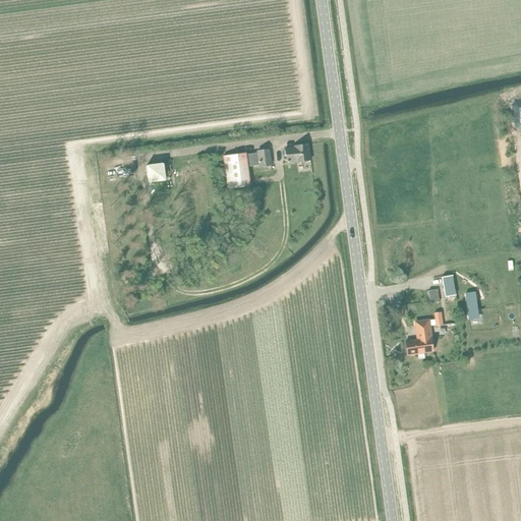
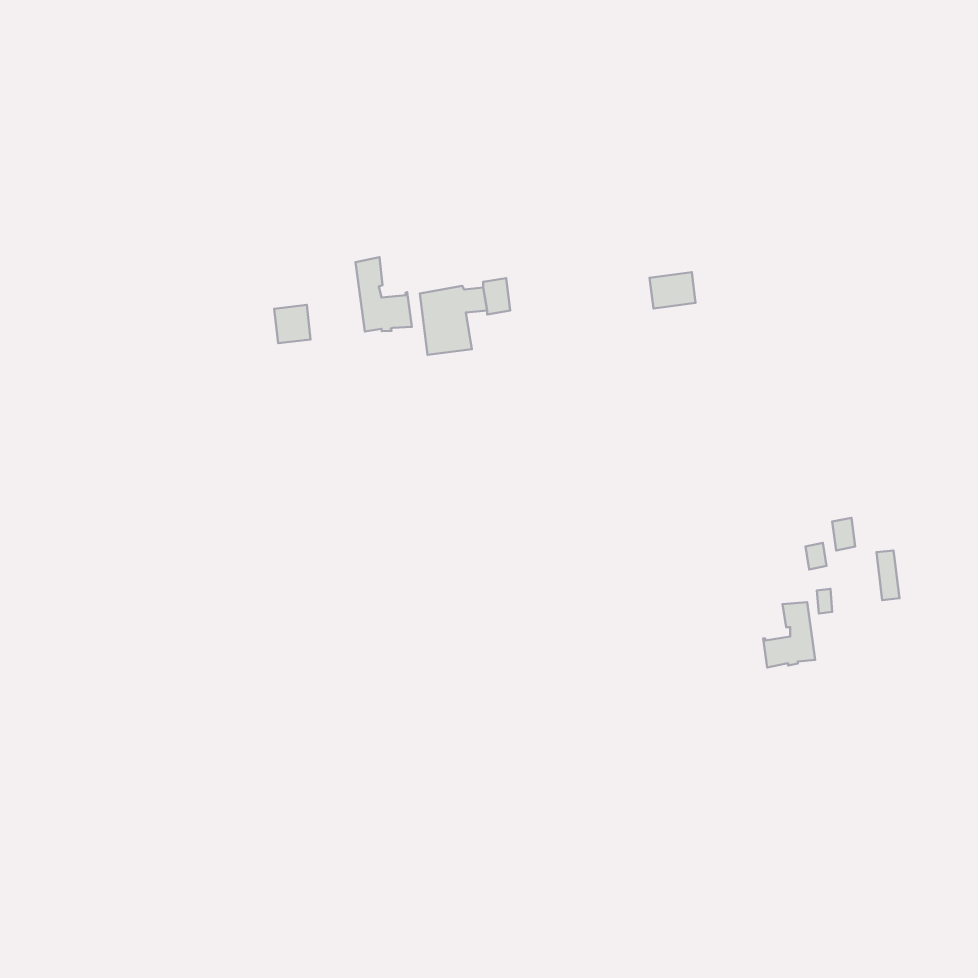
building: none -> [356,257,412,332]
building: [286,143,310,163] -> [650,272,696,308]

